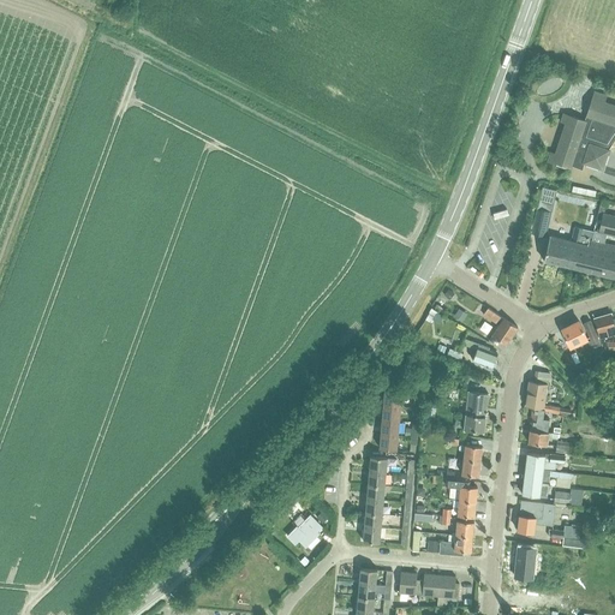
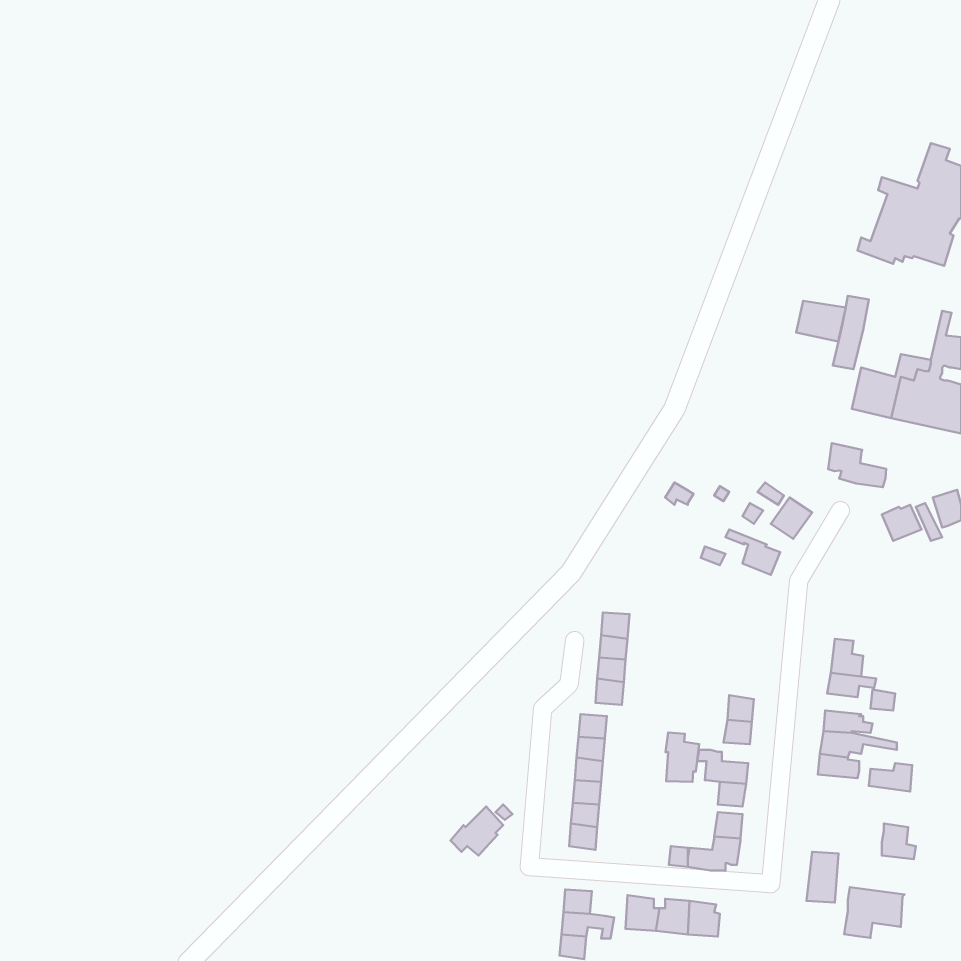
building: none -> [796,301,846,341]
building: none -> [828,443,886,487]
building: [525,371,560,414] -> none
building: [464,392,488,432] -> none
building: none -> [665,733,699,782]
building: [517,501,555,533] -> [844,887,904,938]

